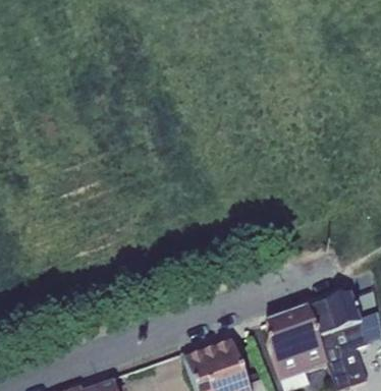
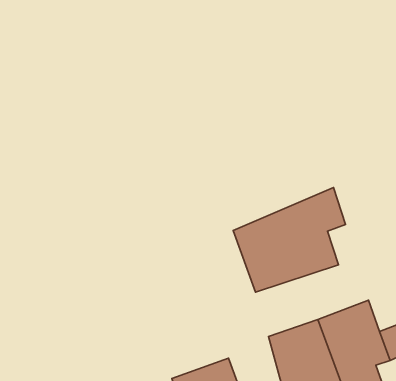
building: none -> [233,188,345,292]

